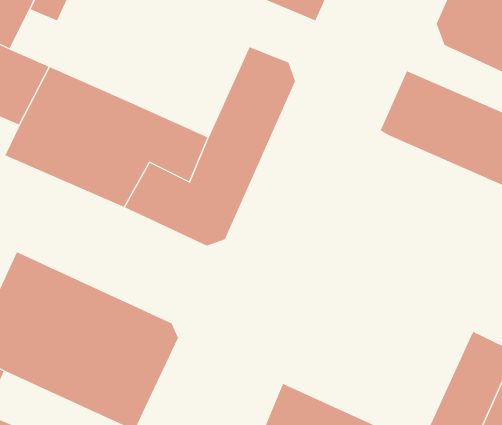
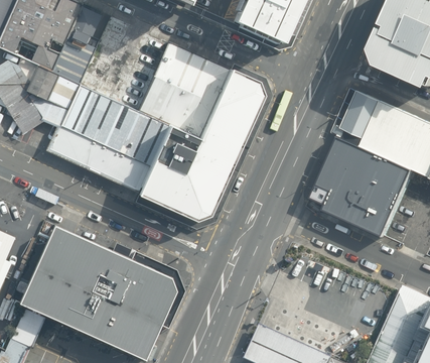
building: none -> [50,40,94,84]
building: none -> [140,43,232,137]
building: none -> [315,136,413,236]

